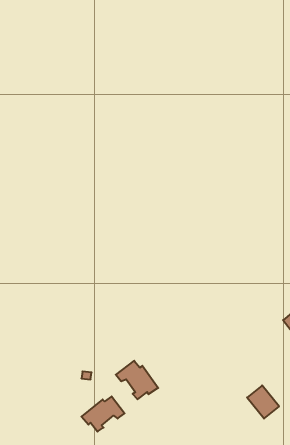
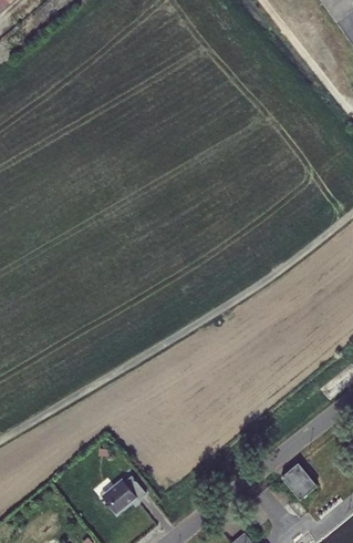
building: [116,361,158,399] -> none

